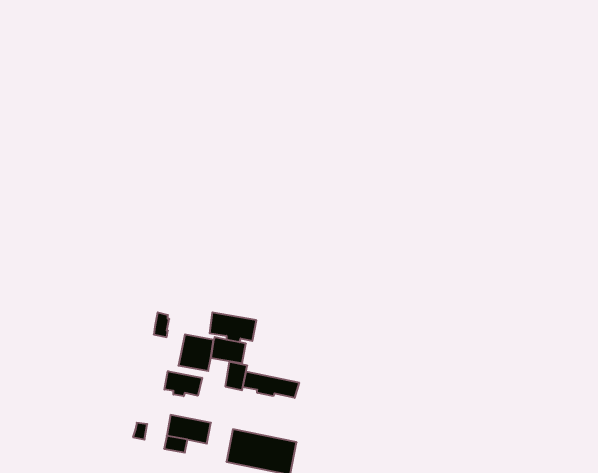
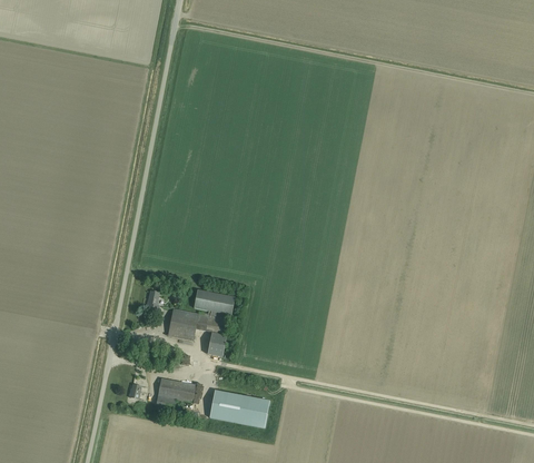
building: [164,371,202,396] -> none
building: [243,371,299,398] -> none

